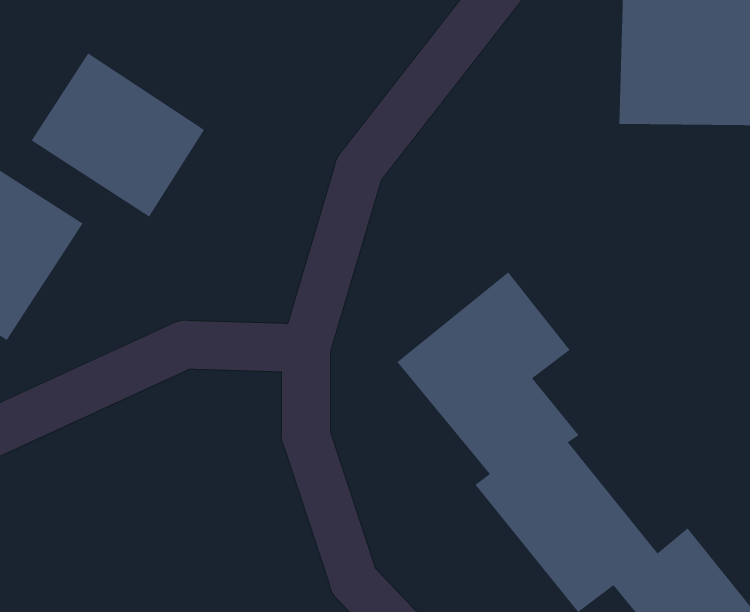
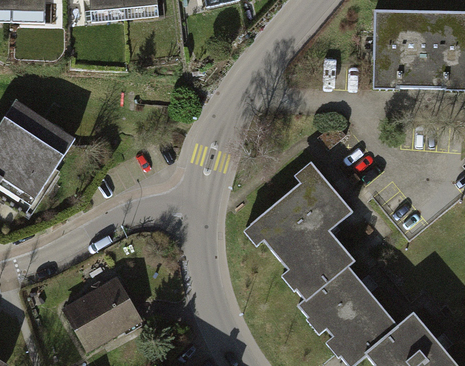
building: [31,52,205,217] -> none
building: none -> [59,274,140,350]

